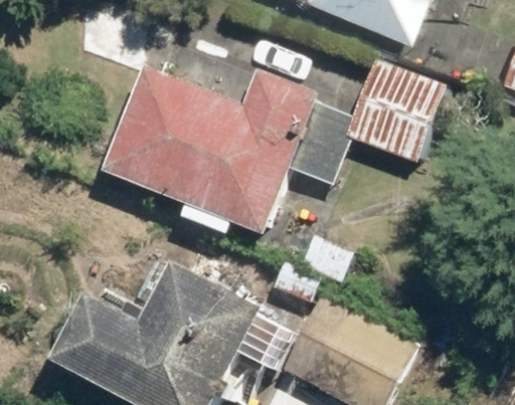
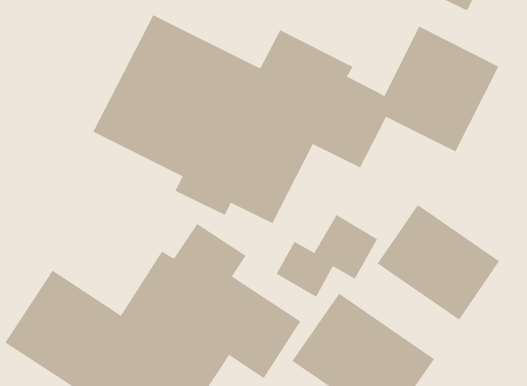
building: none -> [377,204,500,320]

